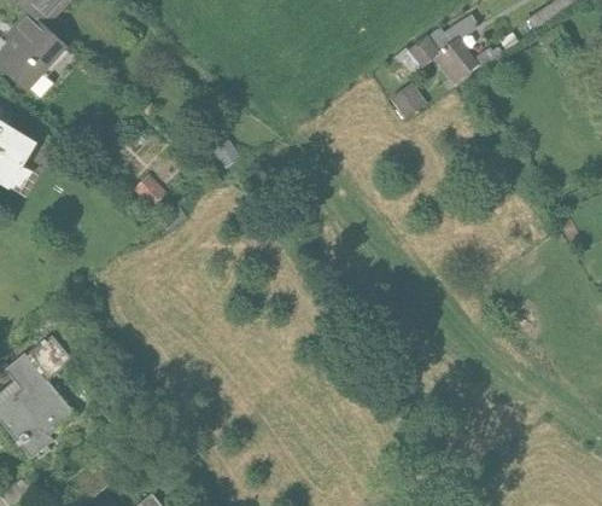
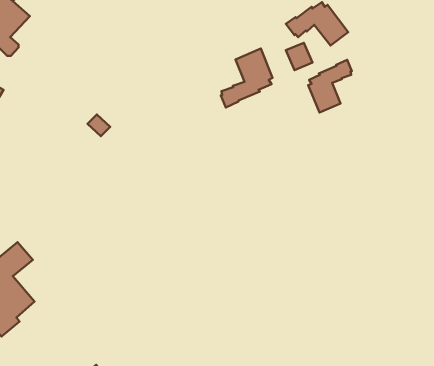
building: none -> [221,49,273,107]
building: none -> [308,60,352,113]

